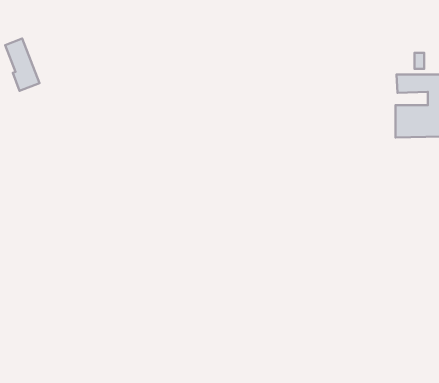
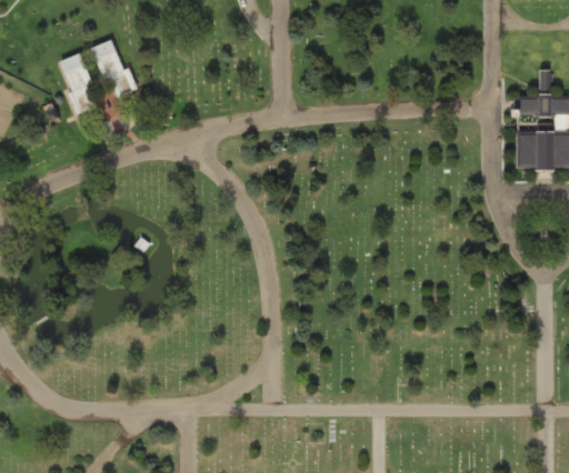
building: none -> [92,39,138,98]

